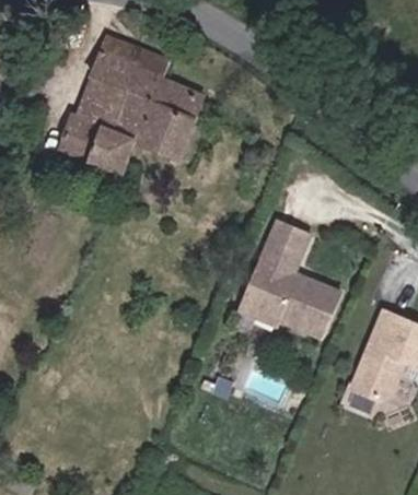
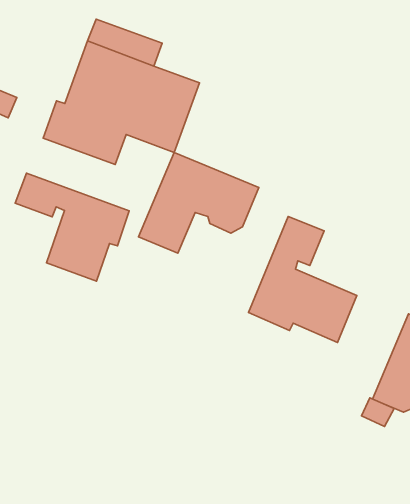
building: none -> [139,153,259,253]
building: none -> [15,173,129,281]

